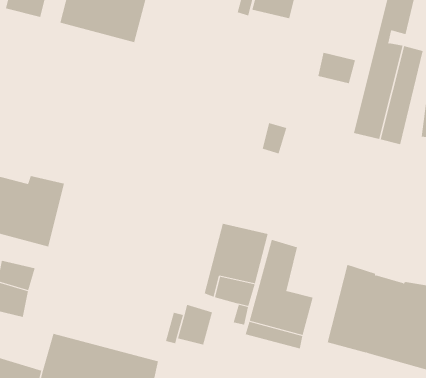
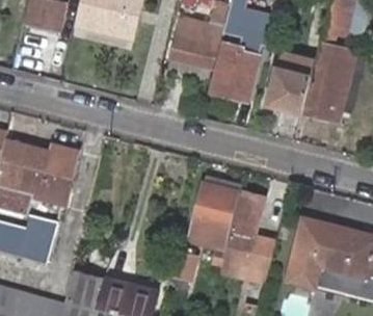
building: none -> [170,27,217,79]
building: none -> [211,36,261,101]
building: none -> [267,70,309,113]

